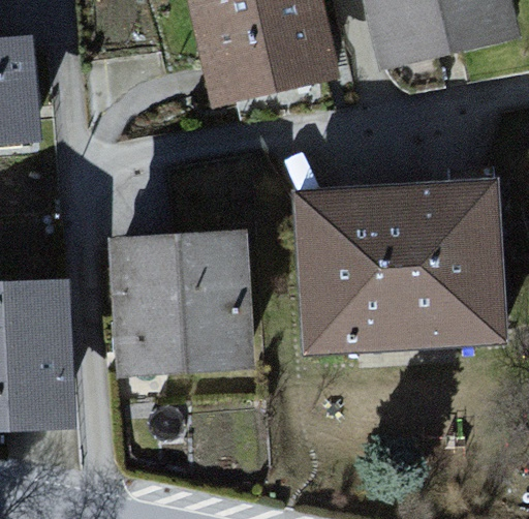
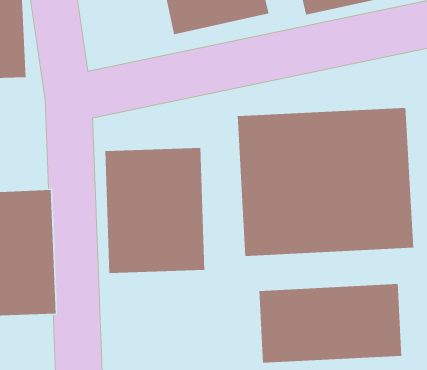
building: none -> [258,283,402,364]

